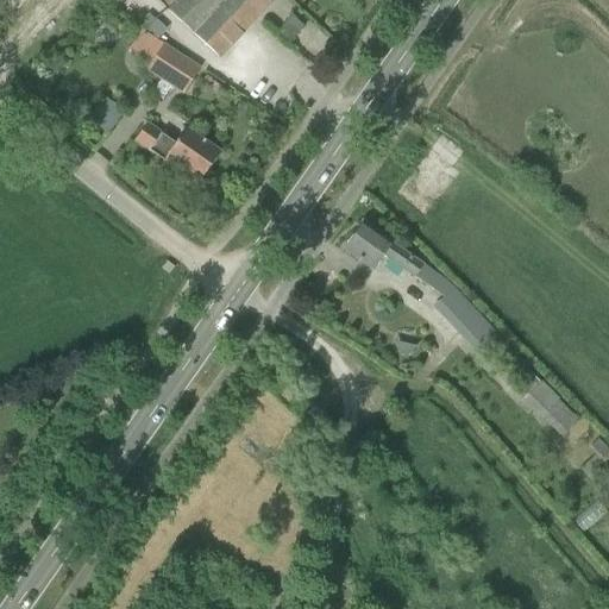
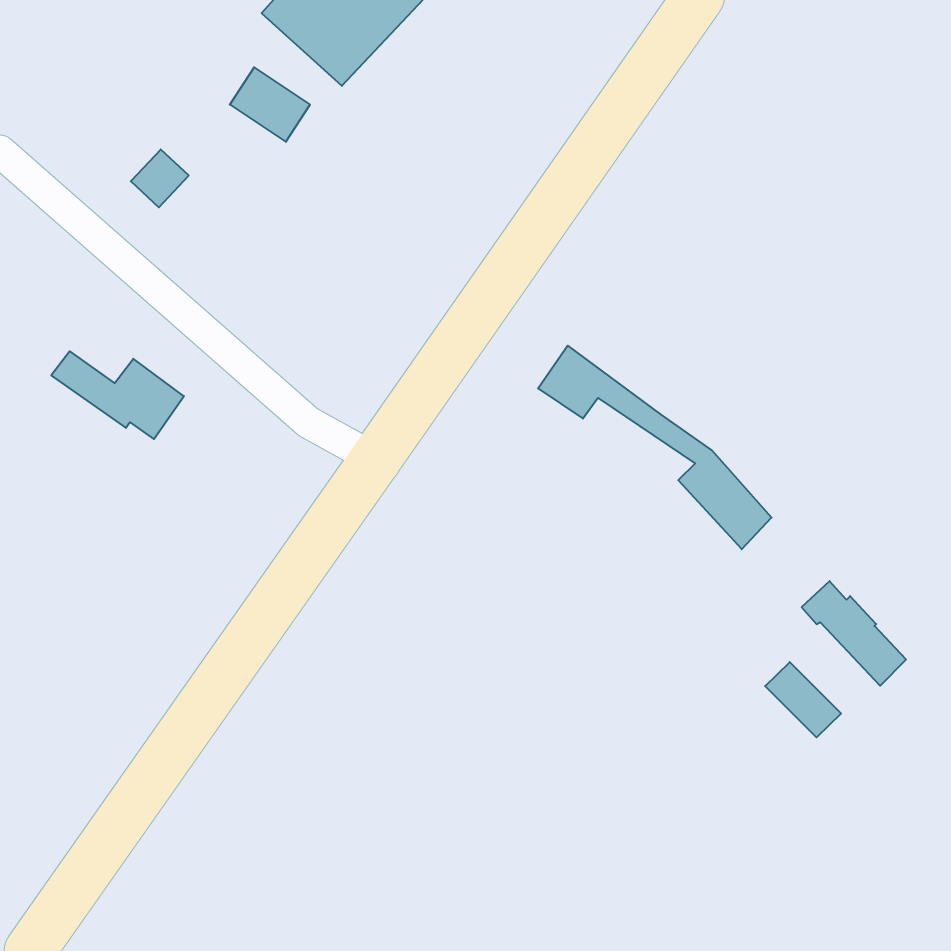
building: [136,123,220,178] -> [51,351,184,439]
building: none -> [765,662,841,737]

